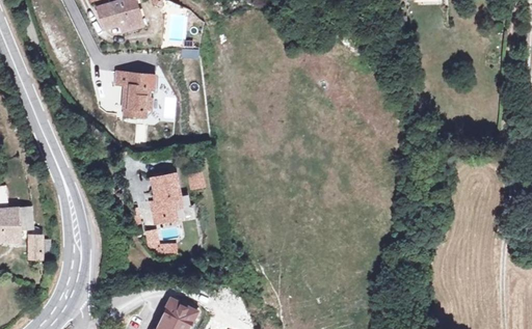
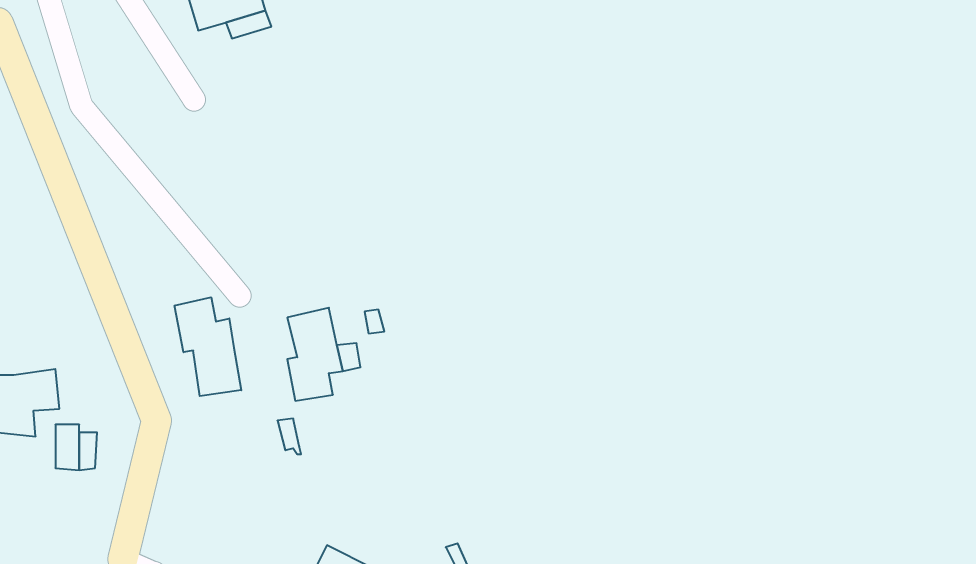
building: [121,73,155,116] -> none
building: none -> [175,297,241,396]

